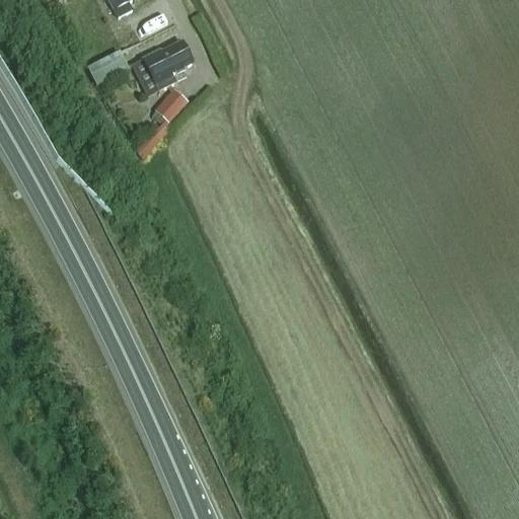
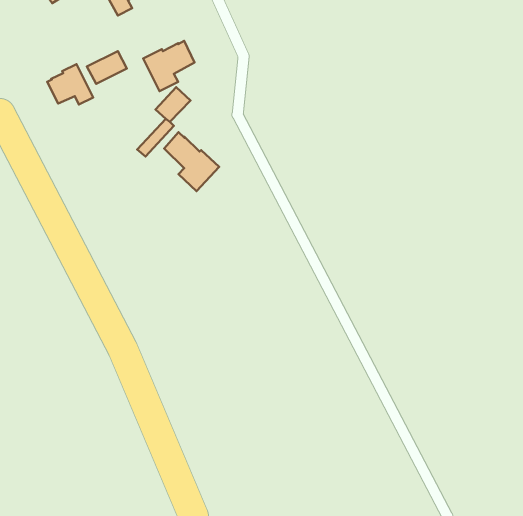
building: none -> [47,64,93,105]
building: none -> [164,132,219,191]

